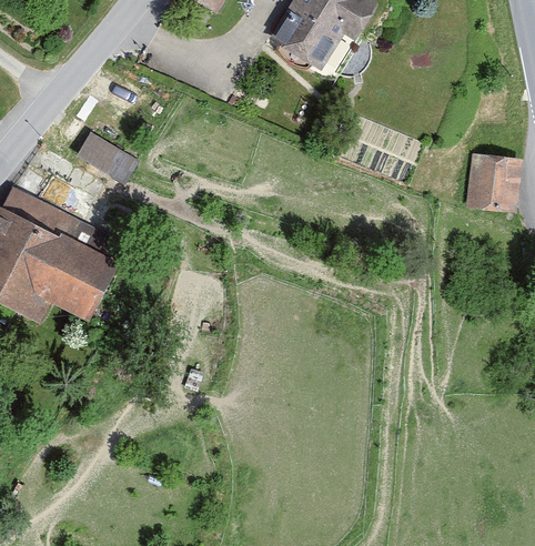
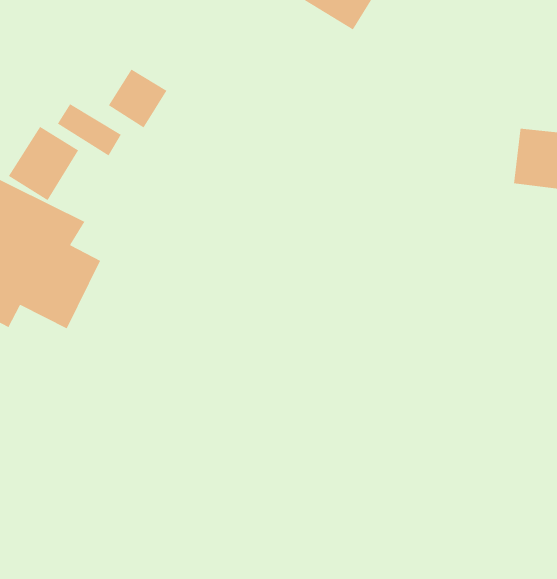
building: none -> [108,68,167,128]
building: none -> [8,126,79,201]

